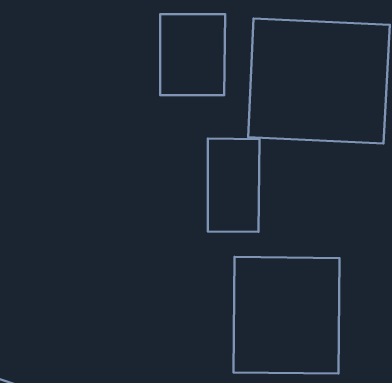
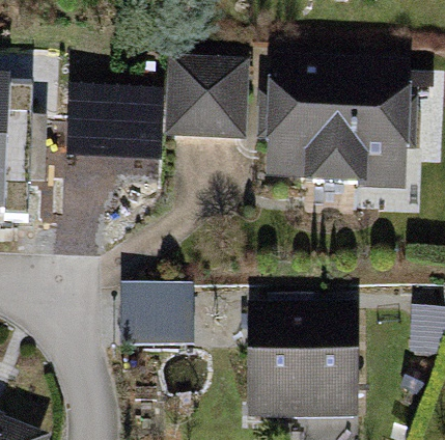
building: [208,139,259,232] -> none
building: none -> [124,285,196,350]

